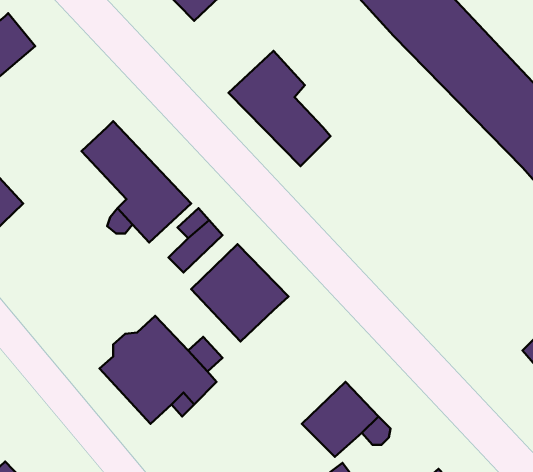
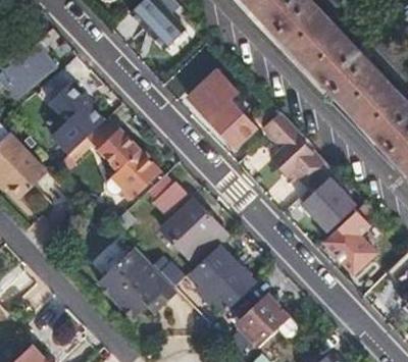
building: none -> [48,82,103,152]
building: none -> [262,109,332,187]
building: none -> [301,177,353,229]
building: none -> [322,200,382,271]
building: none -> [187,244,253,310]

